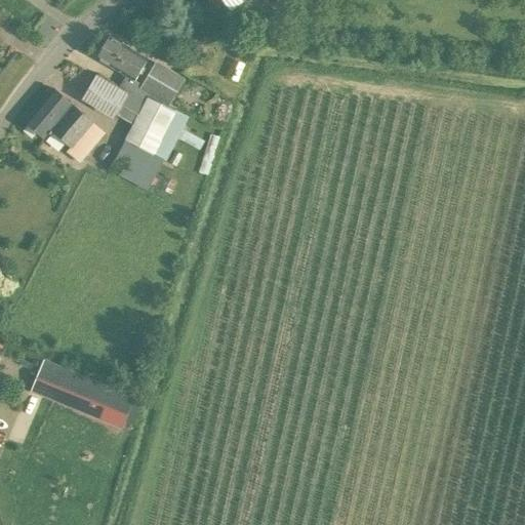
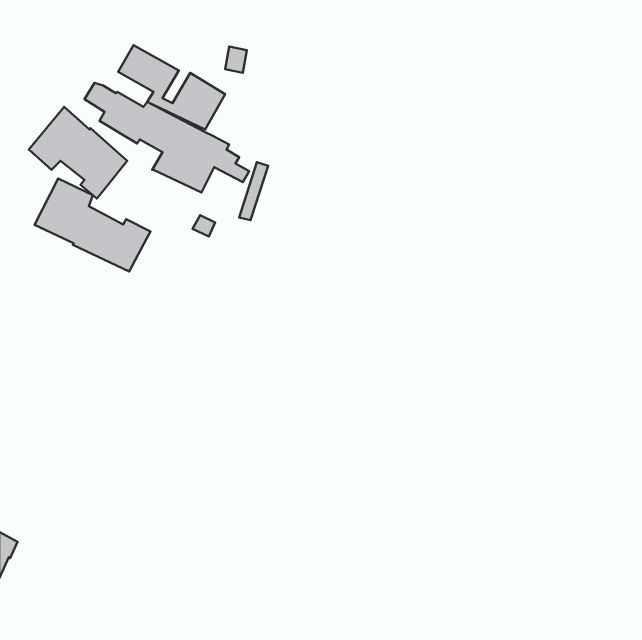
building: none -> [35,179,151,271]
building: [30,357,135,427] -> none

